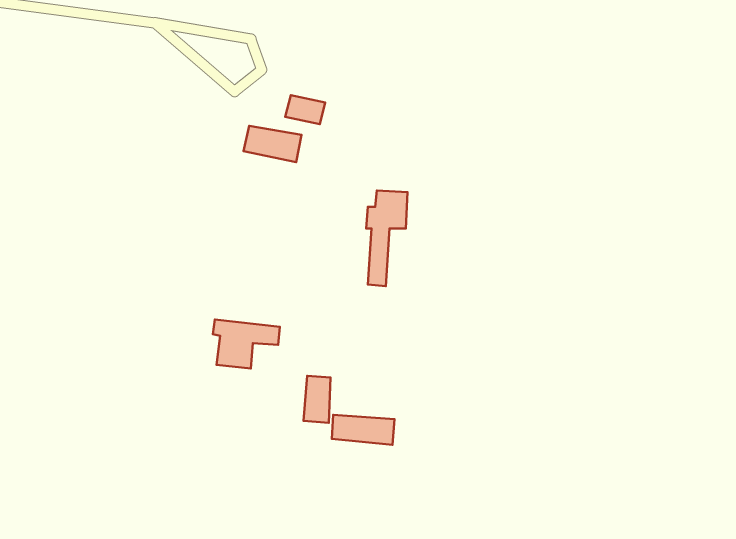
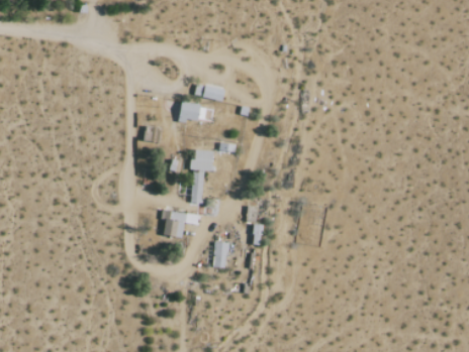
building: [366,190,408,286] -> [190,149,213,203]
building: [332,415,395,445] -> none

